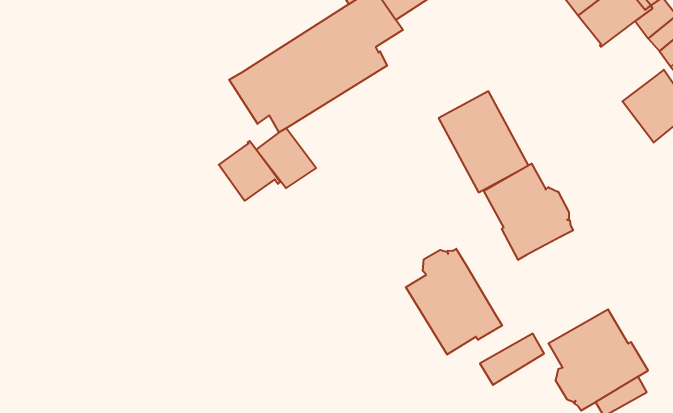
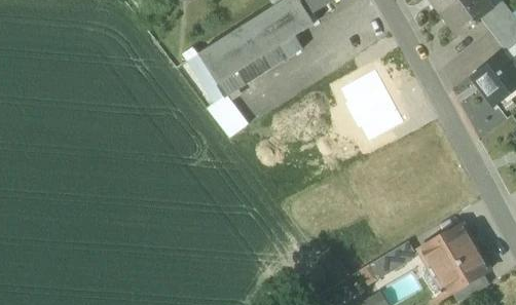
building: [219,141,280,201] -> none
building: [484,164,573,260] -> none
building: [406,249,502,355] -> none

